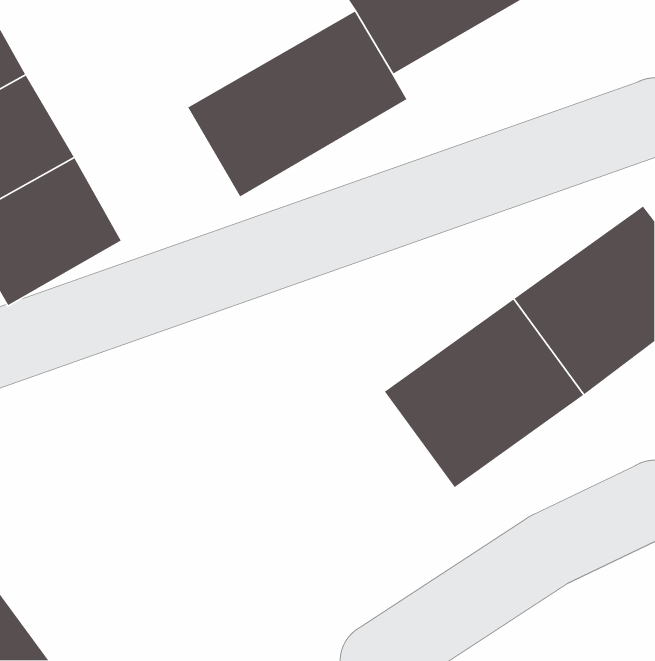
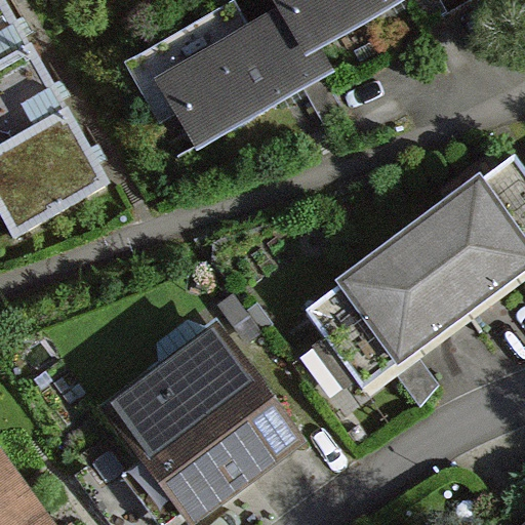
building: none -> [113,320,306,514]

